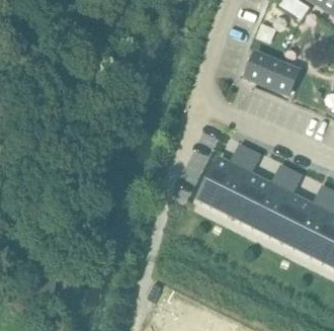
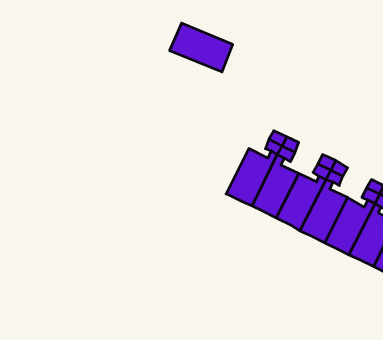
building: [244,52,298,93] -> [170,23,233,72]

